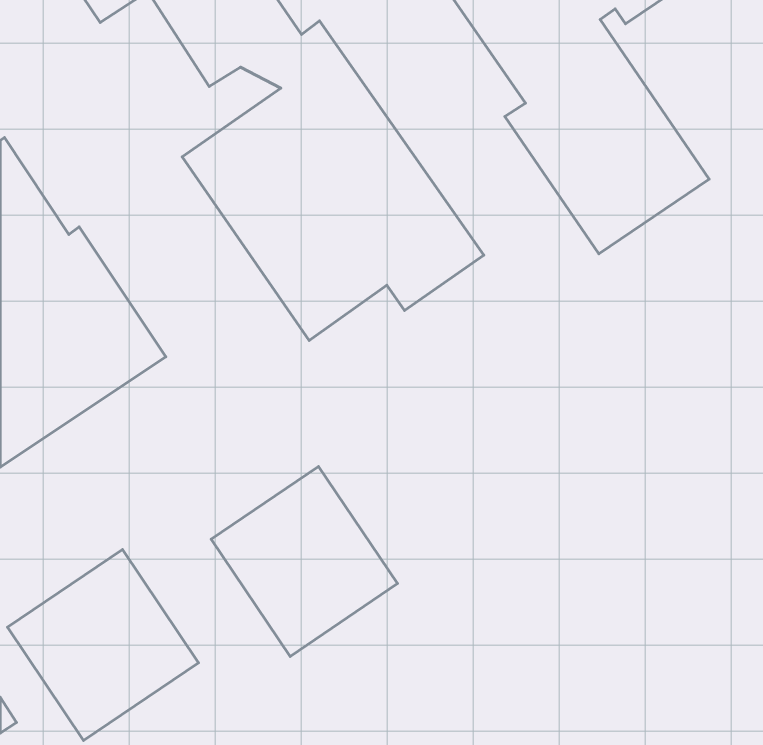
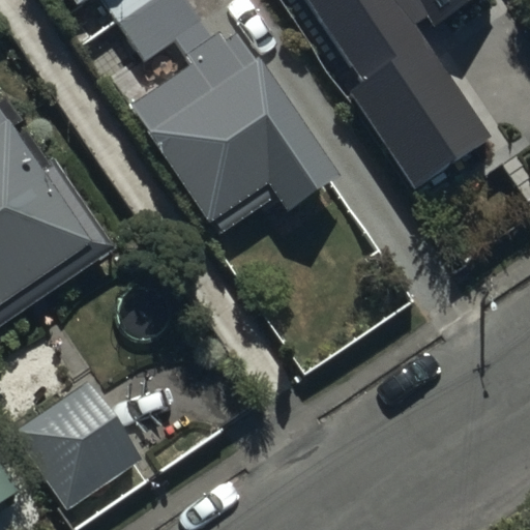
building: [211,466,397,656] -> none

